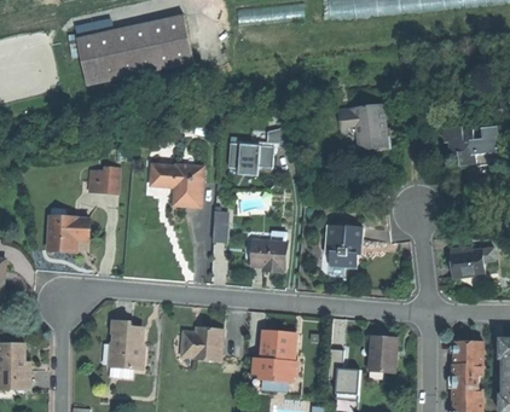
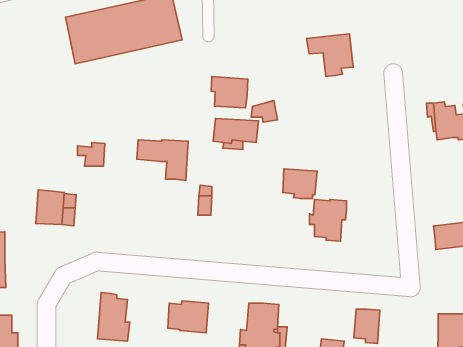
building: none -> [211,77,248,108]
building: [338,104,386,147] -> [307,34,353,77]
building: [250,239,285,269] -> [283,169,317,199]

